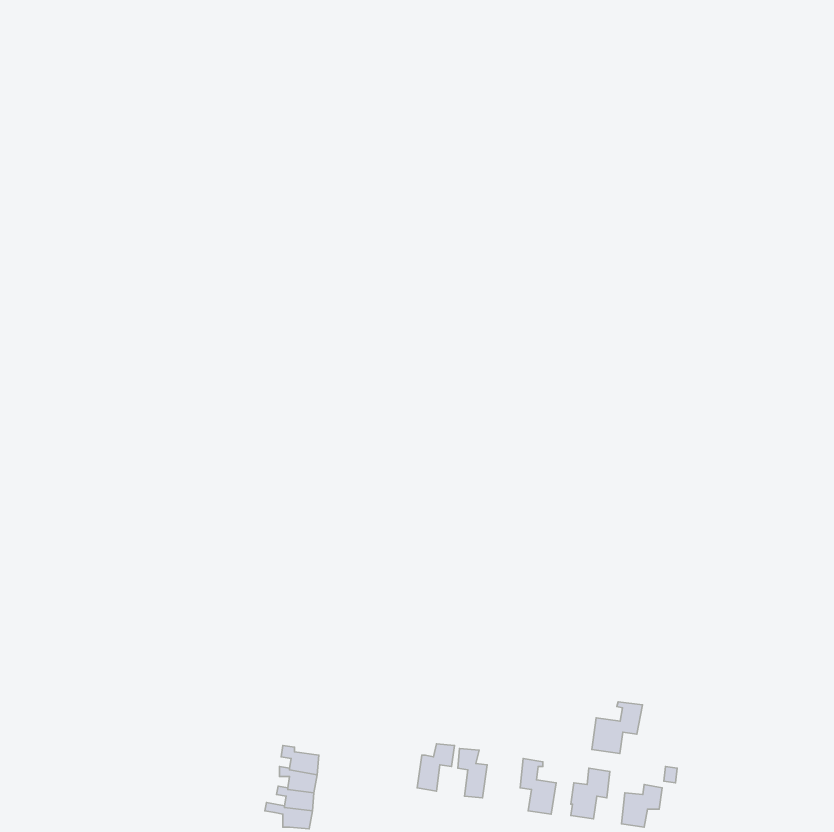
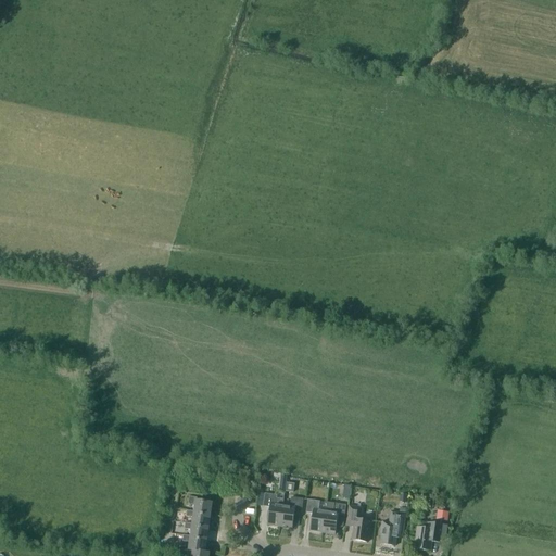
building: [592,702,642,754] -> none
building: none -> [262,491,283,523]
building: none -> [320,501,344,532]

